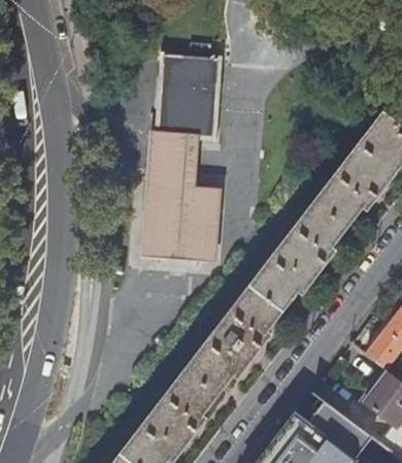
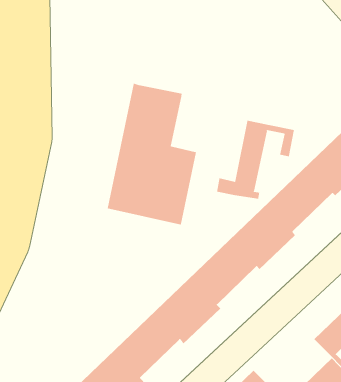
building: [155,49,219,135] -> none
building: none -> [217,120,294,200]

